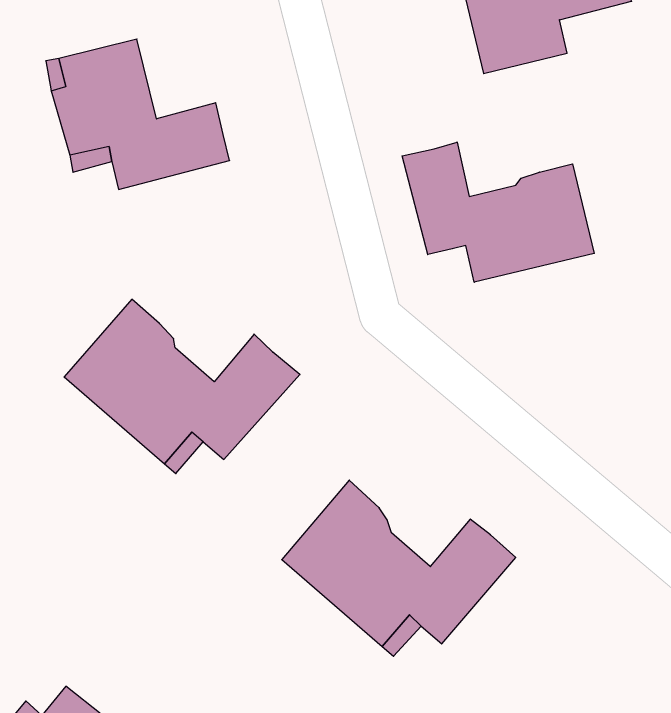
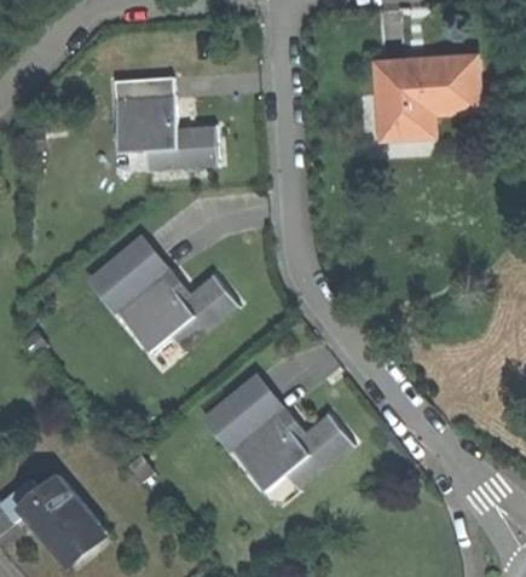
building: [402,142,594,282] -> none

